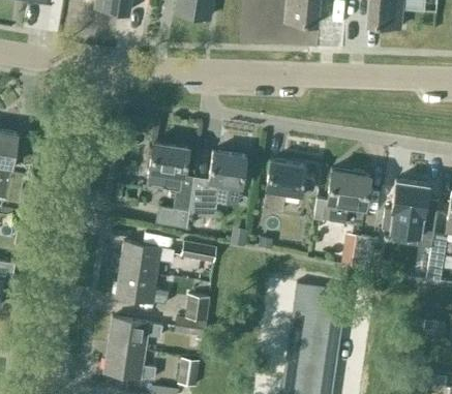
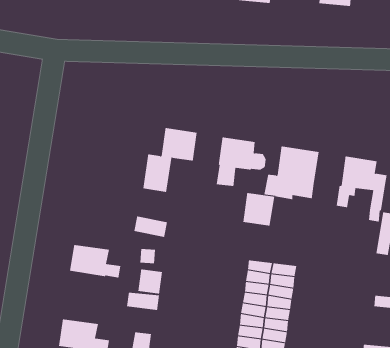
building: [146,142,194,228] -> none
building: [341,234,374,268] -> [243,193,275,226]
building: [119,242,174,275] -> none
building: [108,317,162,351] -> none

